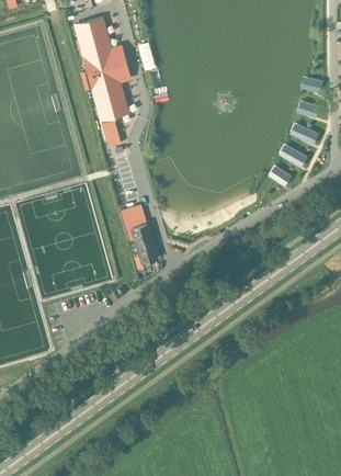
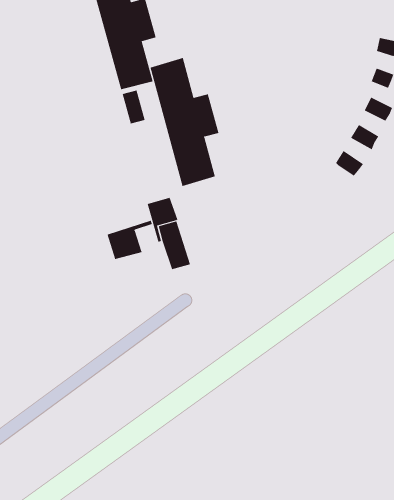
building: none -> [150,57,219,187]
building: none -> [107,220,153,260]

